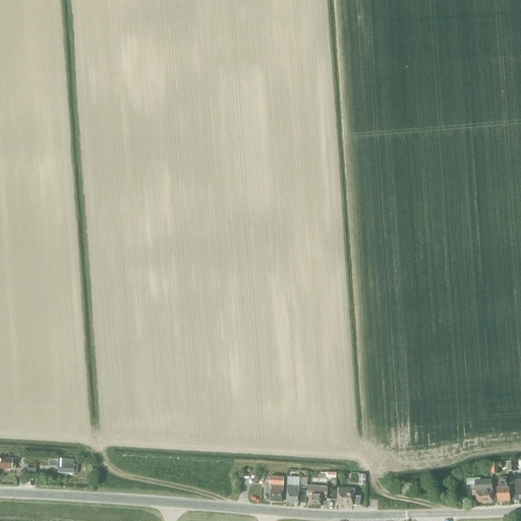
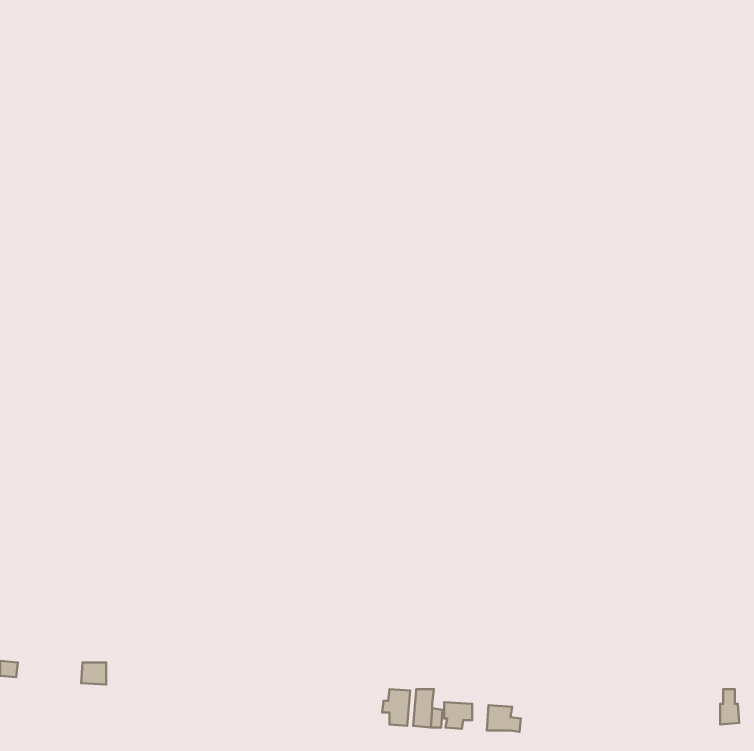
building: [474,478,493,502] -> none

